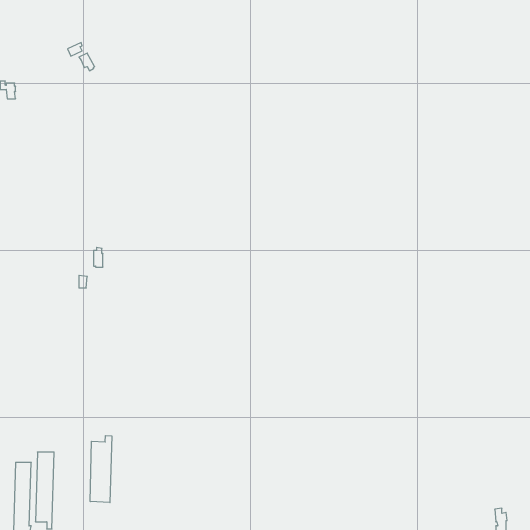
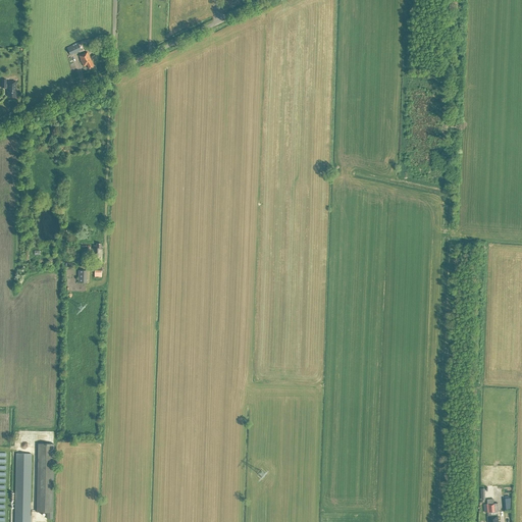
building: [90,436,112,503] -> none

